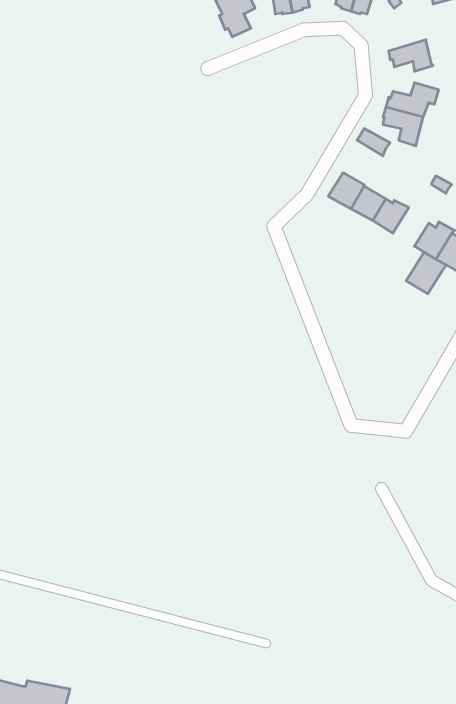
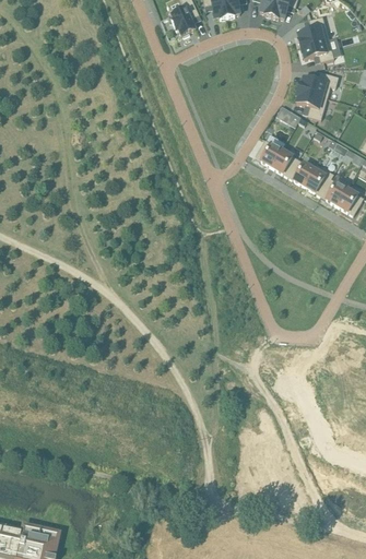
building: none -> [298,15,329,46]
building: [406,252,446,294] -> [304,163,334,194]

